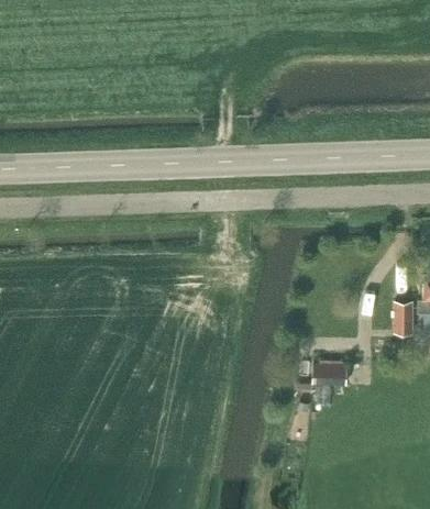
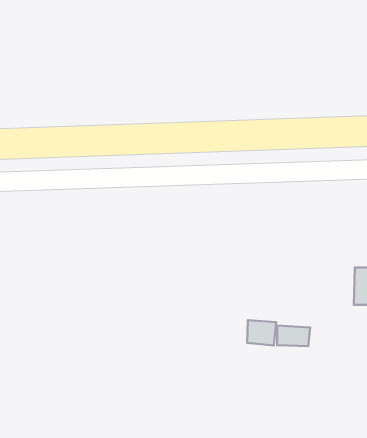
building: none -> [247,320,276,345]

